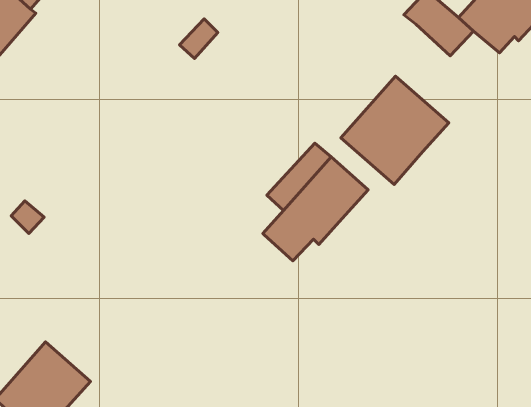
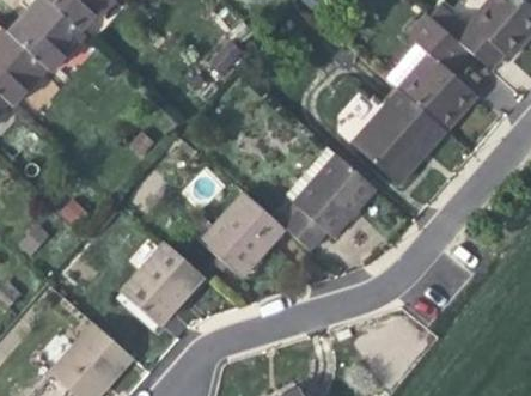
building: none -> [386,44,476,130]
building: none -> [200,193,285,278]
building: none -> [121,242,205,325]

